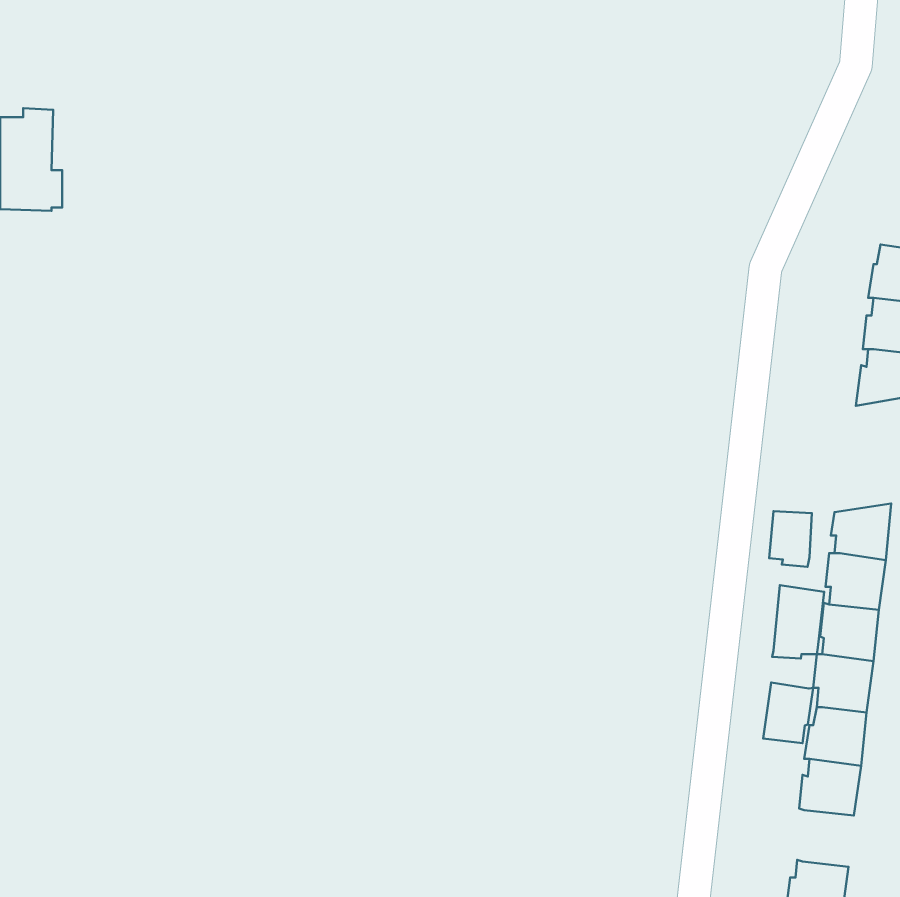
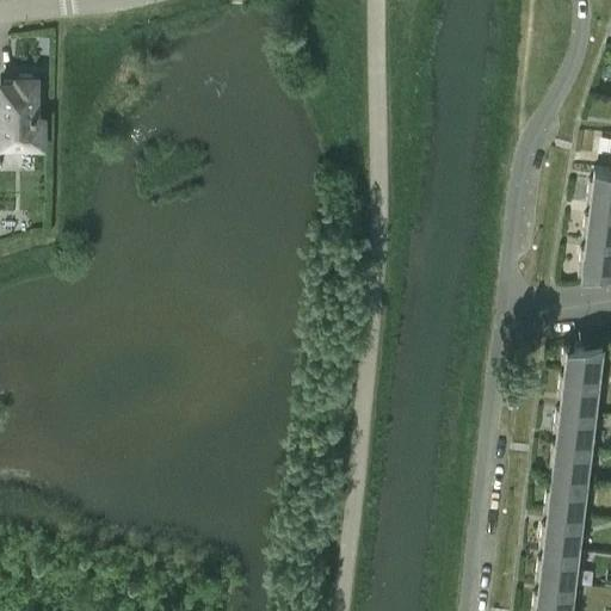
building: [769,511,812,567] -> none
building: [772,585,824,659] -> none
building: [763,683,813,743] -> none
building: none -> [538,551,579,590]

